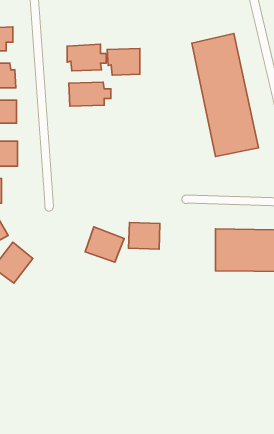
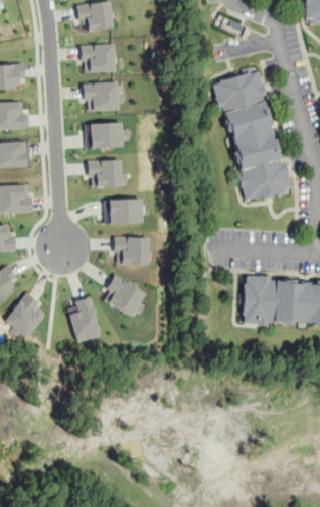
building: [107,49,140,75] -> [81,44,115,72]
building: none -> [88,159,128,187]
building: none -> [105,199,143,224]
building: [129,222,160,249] -> [115,236,149,265]
building: none -> [67,296,101,341]

